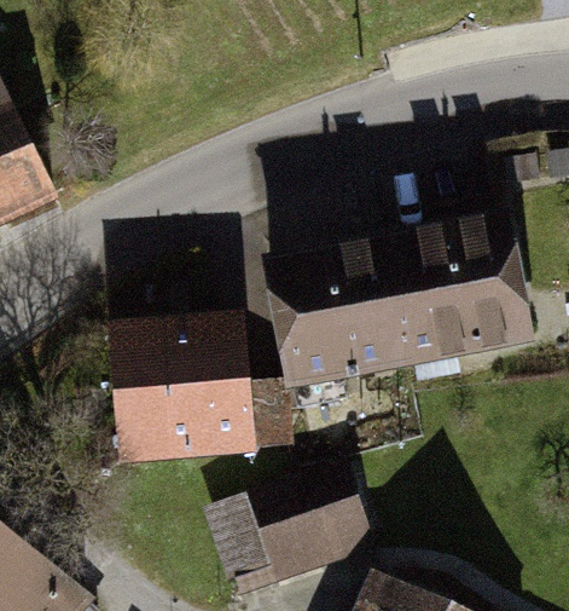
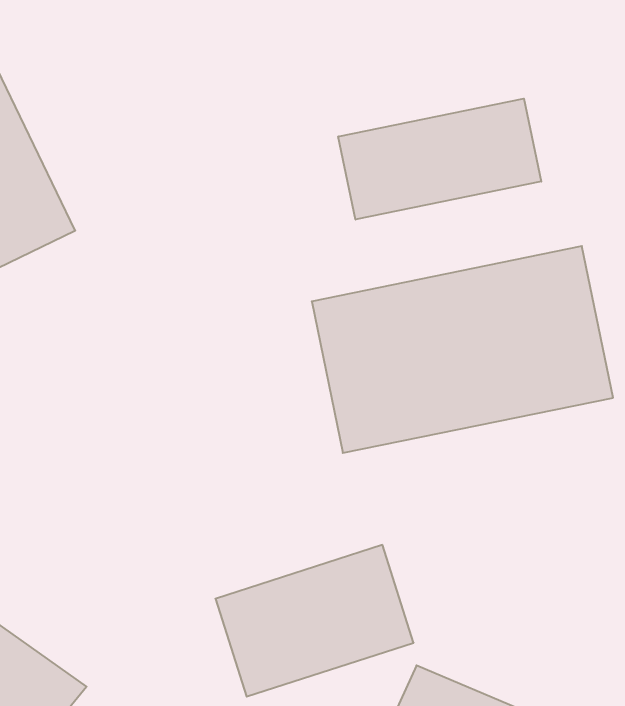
building: none -> [338,99,541,220]
building: [117,318,279,463] -> none

